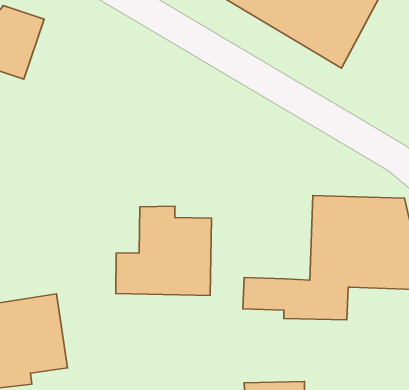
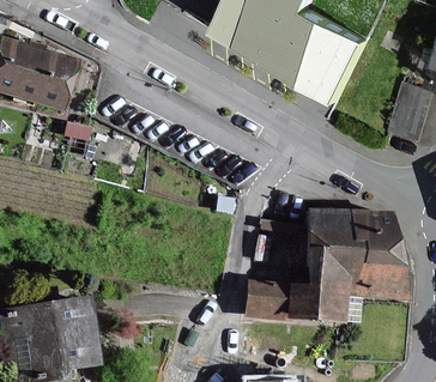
building: [116,206,211,296] -> none

